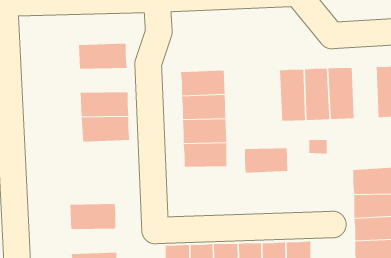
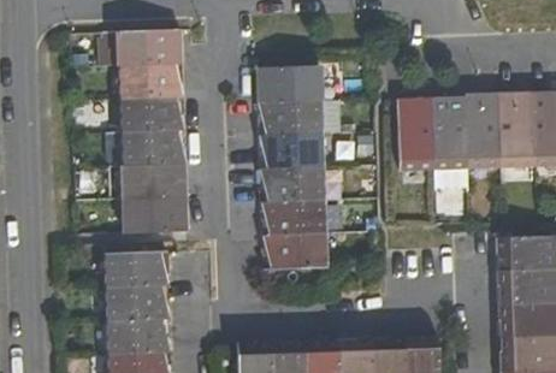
building: none -> [116,31,184,65]
building: none -> [258,69,320,102]
building: none -> [498,95,533,167]
building: none -> [118,97,187,131]
building: none -> [123,197,190,233]
building: [244,148,288,173] -> [264,233,325,268]
building: none -> [103,253,168,286]
building: none -> [106,320,171,355]

